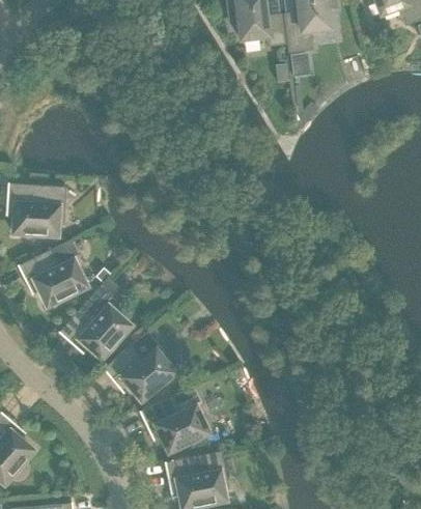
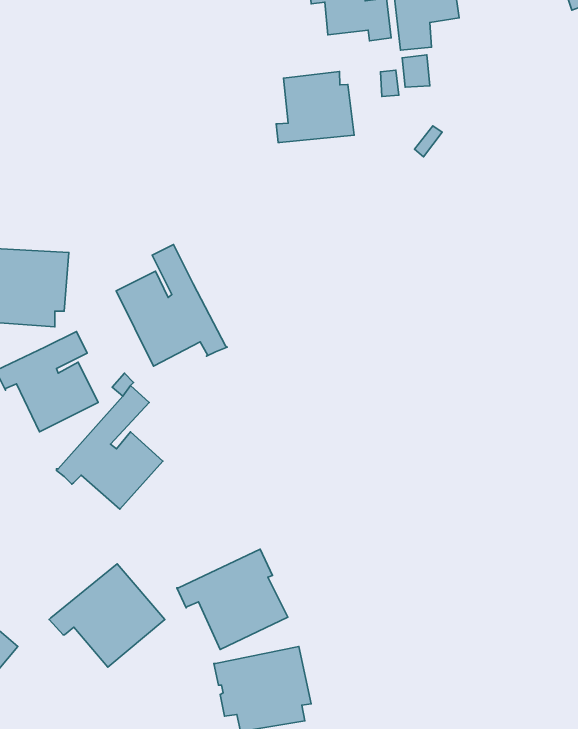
building: none -> [276,72,354,142]
building: none -> [116,244,227,366]
building: [103,332,180,401] -> [49,564,165,667]

